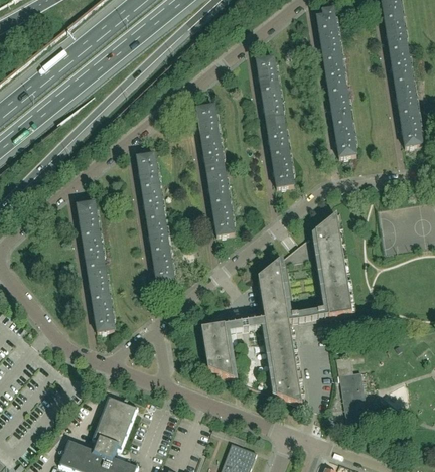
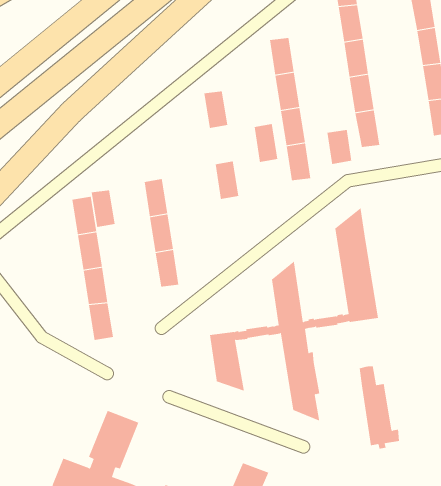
building: [201,136,224,171] -> [254,124,278,162]
building: none -> [327,129,352,165]
building: [137,153,159,187] -> [91,190,115,228]
building: [211,200,234,234] -> none

